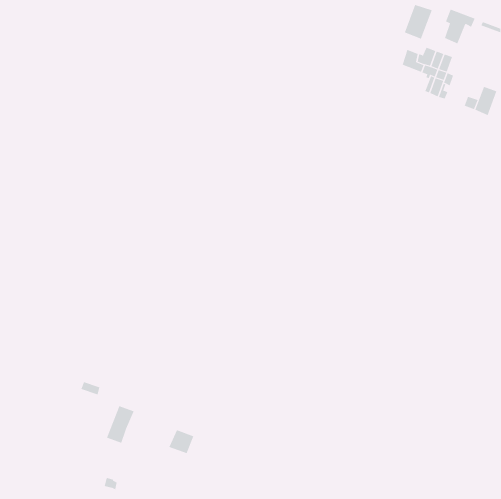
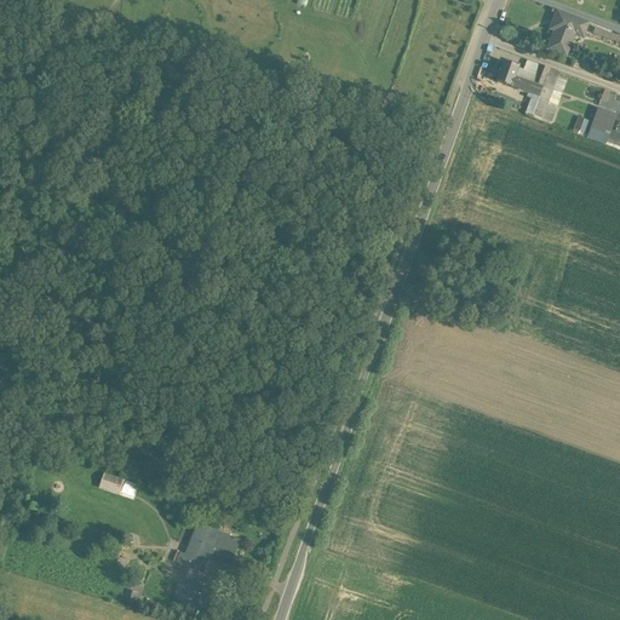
building: [404,4,433,39] -> none
building: [106,405,135,444] -> [183,523,218,570]

